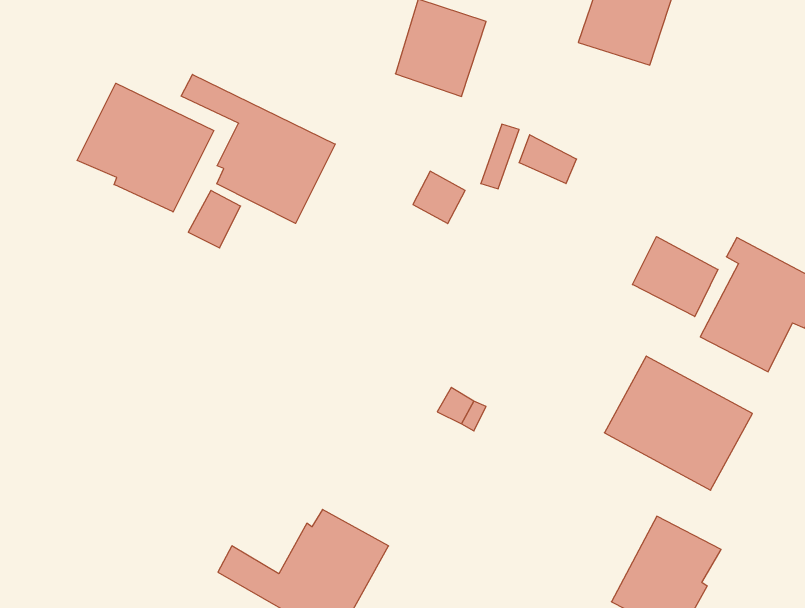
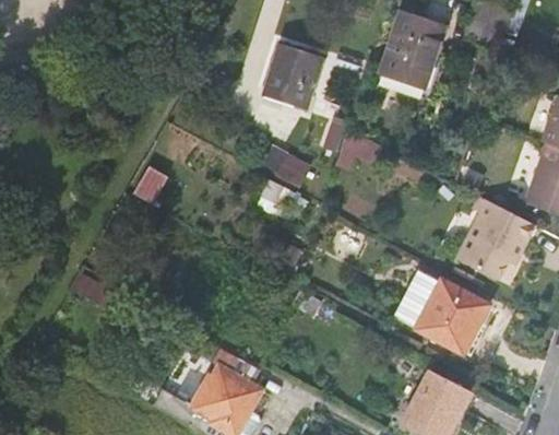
building: [181,74,335,223] -> none
building: [77,83,214,212] -> none
building: [632,237,718,317] -> none

